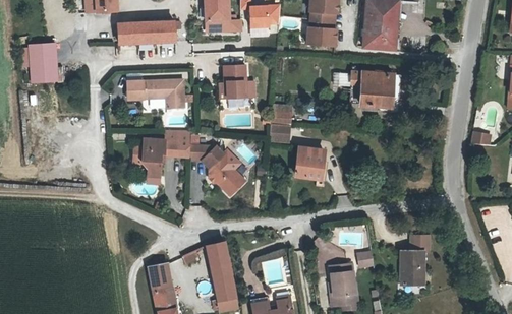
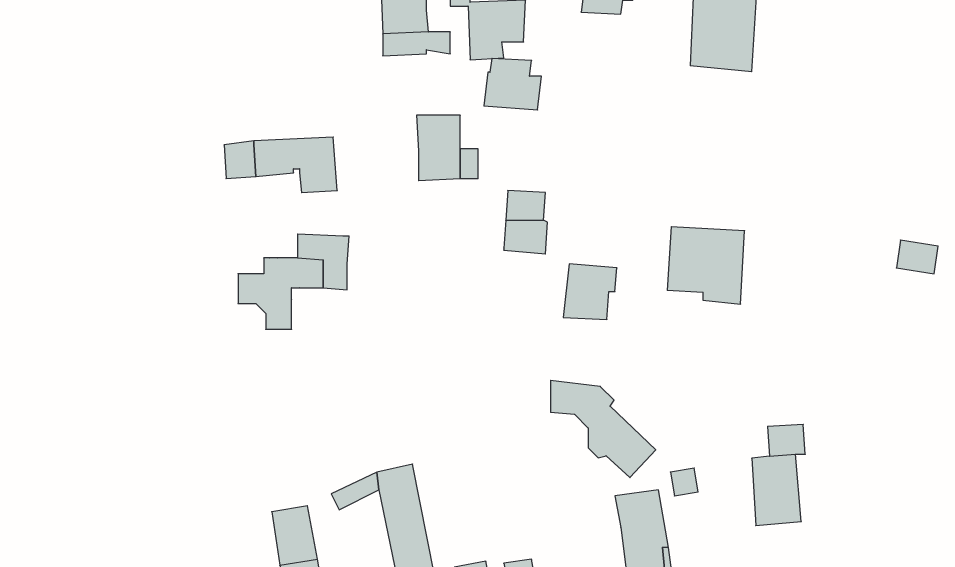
building: [305,15,335,42] -> [484,58,541,110]
building: [120,24,177,45] -> none
building: [33,39,61,78] -> none
building: [364,67,404,107] -> [667,227,745,304]
building: [189,144,243,194] -> [551,380,656,478]

